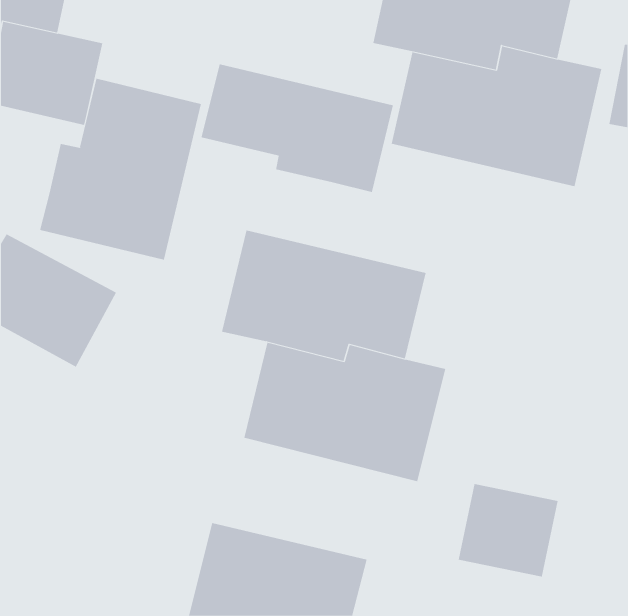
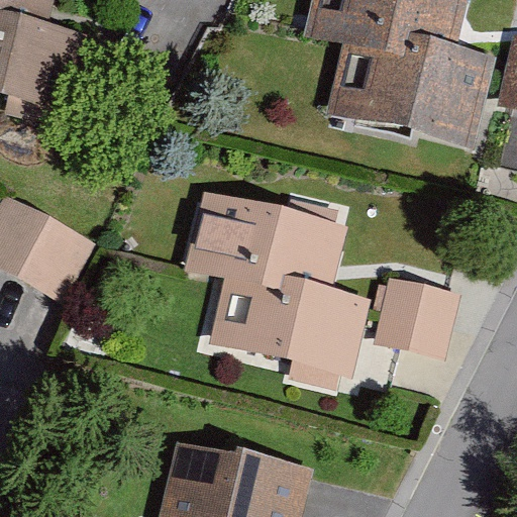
building: [201,64,393,193] -> none
building: [40,78,201,260] -> none
building: [458,484,559,577] -> [376,280,458,356]

